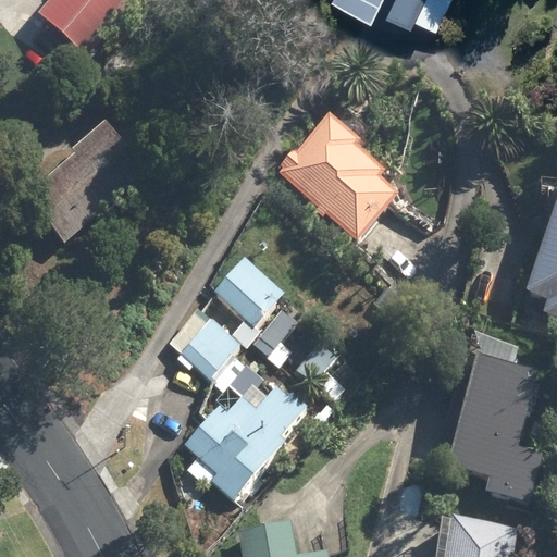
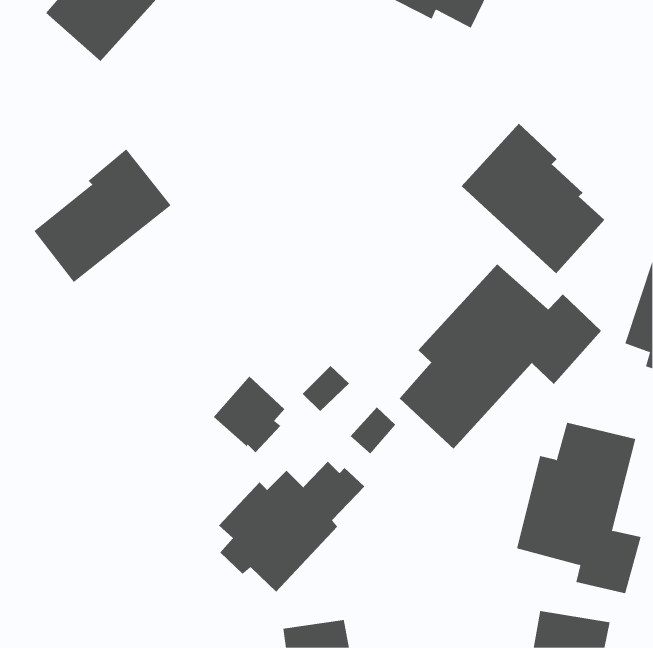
building: [278,115,400,243] -> [461,123,605,274]
building: none -> [399,263,602,450]
building: [212,256,283,325] -> none

